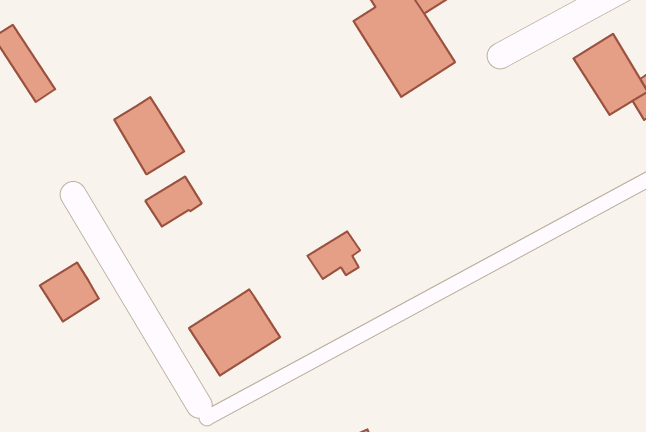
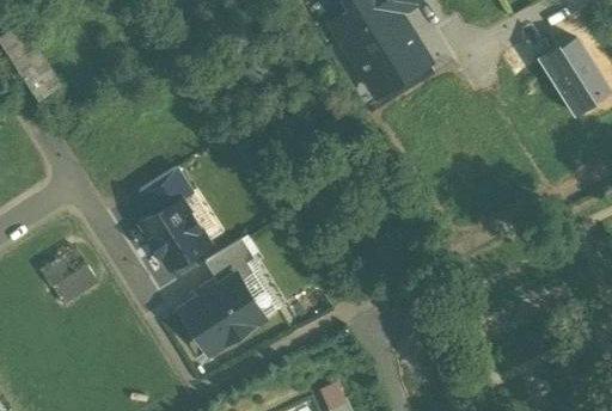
building: [114,97,184,174] -> none
building: none -> [142,198,209,266]
building: [307,231,360,279] -> [206,239,255,283]

